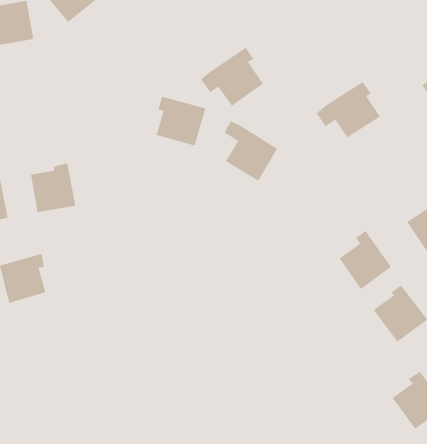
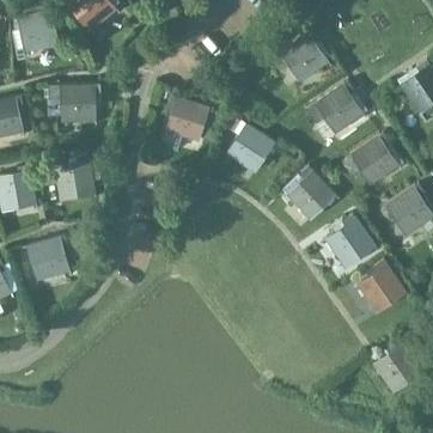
building: [200,47,264,106] -> [273,31,329,84]
building: none -> [48,83,102,120]
building: none -> [342,134,400,184]
building: none -> [287,167,336,220]

